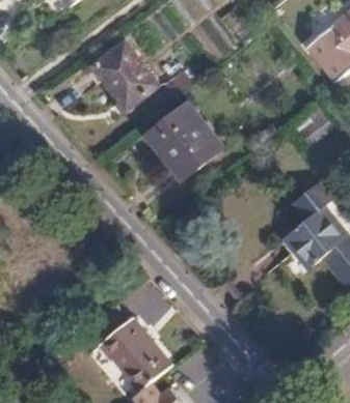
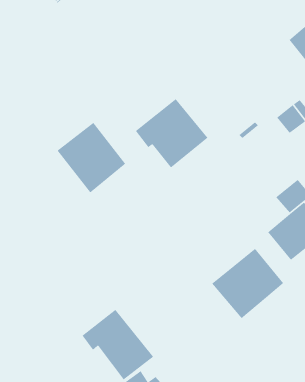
building: [91,36,162,109] -> [56,122,126,193]
building: none -> [211,248,284,319]

